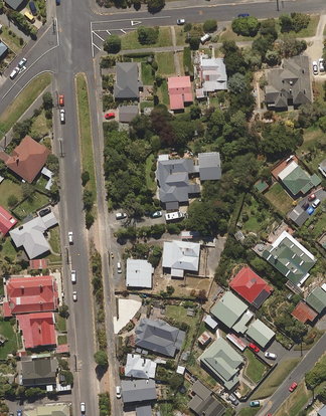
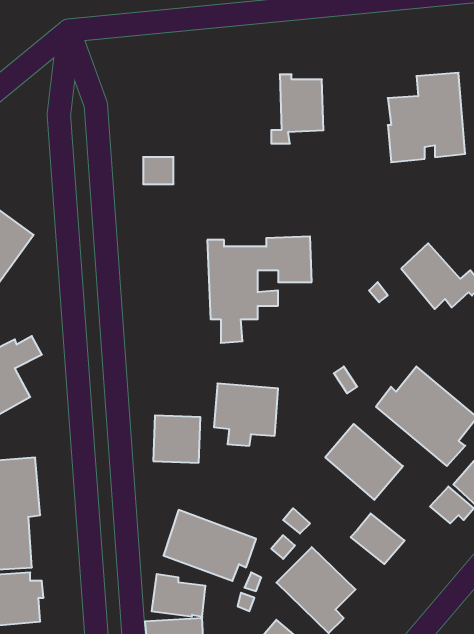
building: [113,62,141,97] -> none
building: [166,76,191,110] -> none
building: [208,289,253,337] -> none

